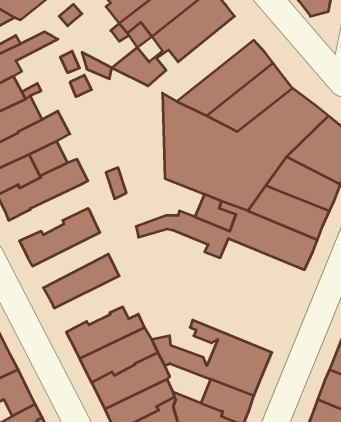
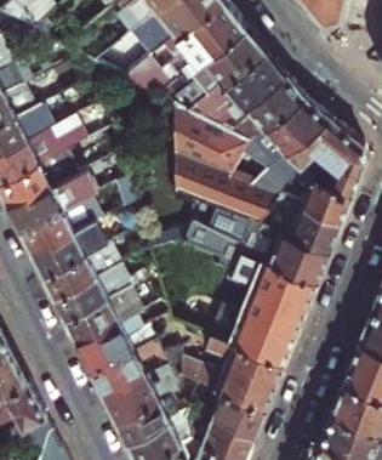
building: none -> [170,27,266,113]
building: none -> [18,197,103,254]
building: none -> [42,245,120,301]
building: none -> [210,251,317,367]
building: none -> [64,289,143,346]

